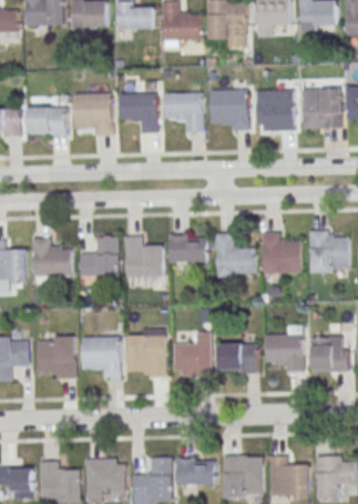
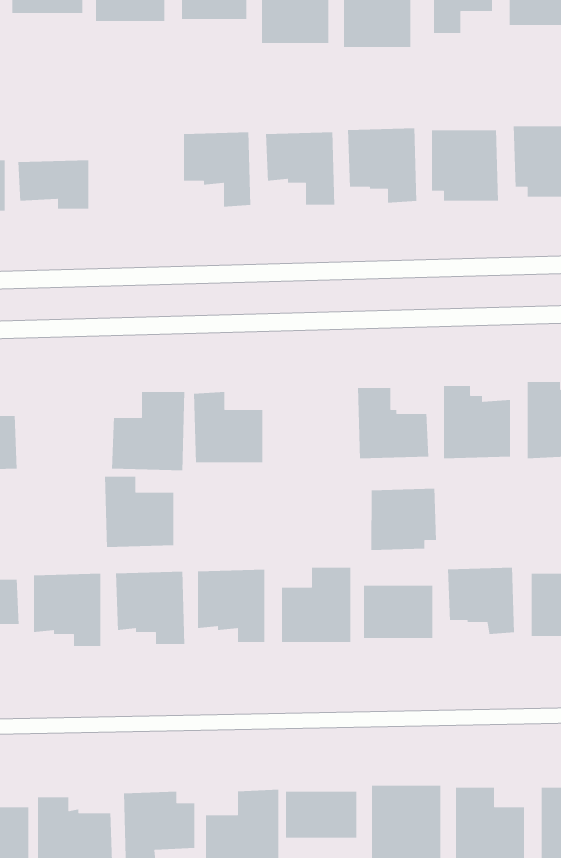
building: [73,92,114,134] -> none
building: [170,233,208,261] -> none
building: [32,238,71,278] -> [104,476,174,548]
building: none -> [370,488,437,551]

